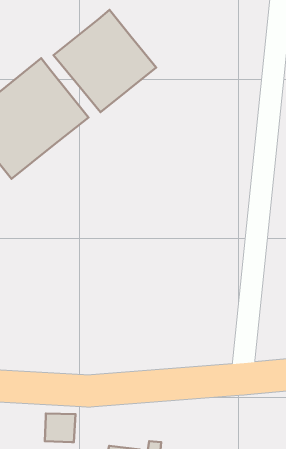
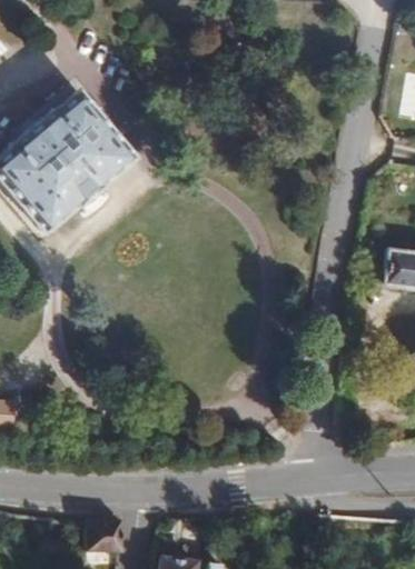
building: [54,10,156,112] -> none

